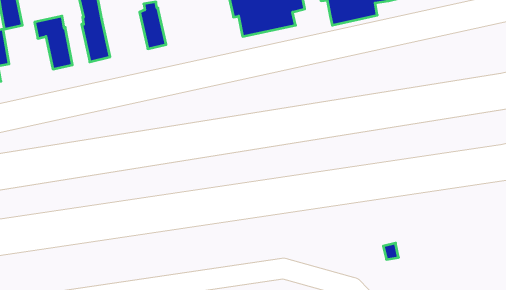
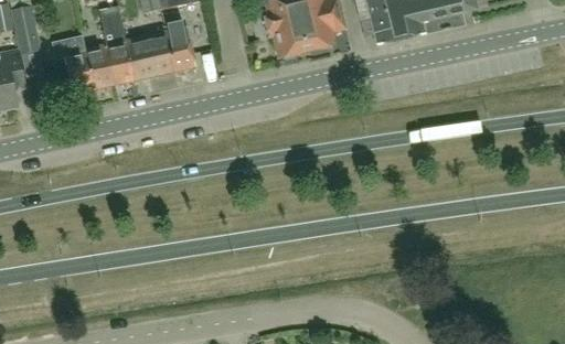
building: none -> [125,31,174,79]
building: none -> [85,44,111,88]

